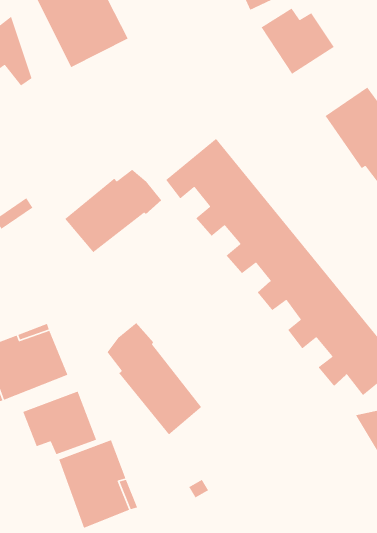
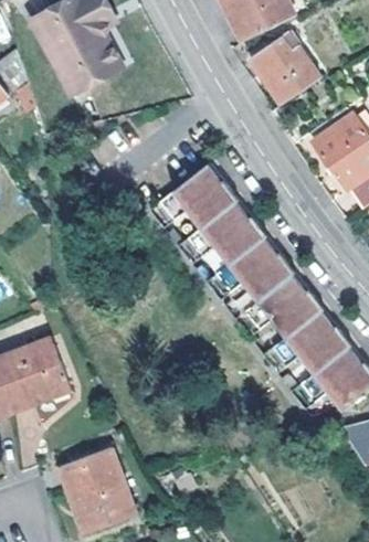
building: [64,169,162,253] -> none
building: [106,322,202,435] -> none
building: [22,391,97,455] -> none

